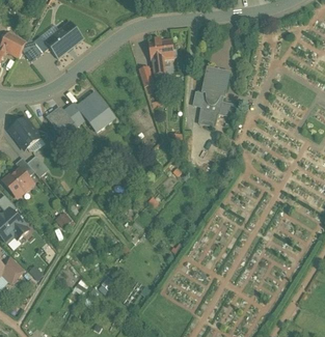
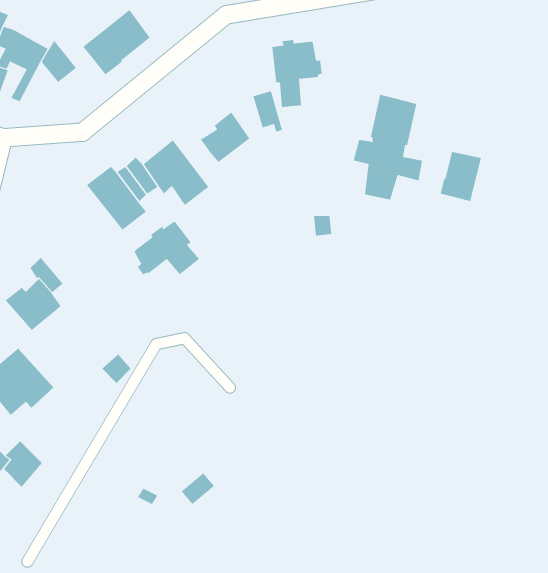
building: none -> [200,112,250,163]
building: none -> [440,151,482,202]
building: [11,118,40,148] -> none
building: none -> [134,221,200,275]

